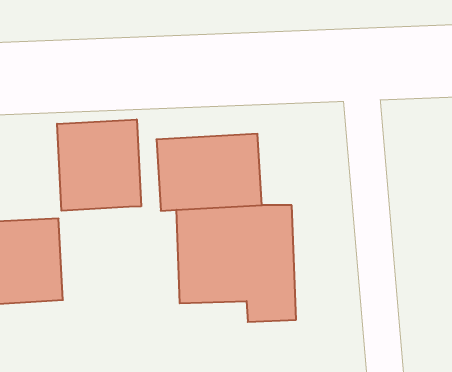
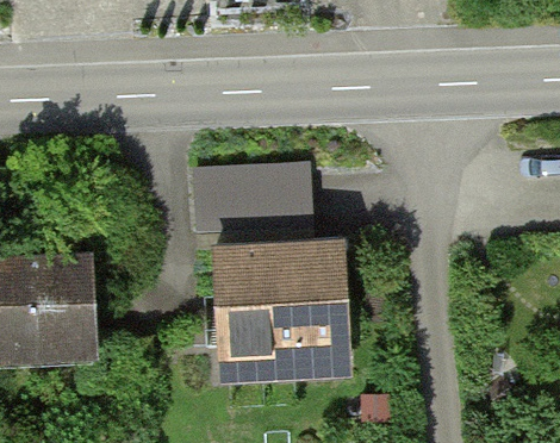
building: [57,119,141,211] -> none

